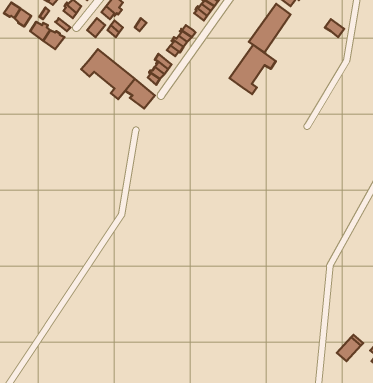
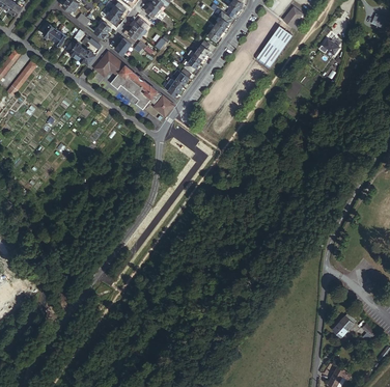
building: none -> [93,51,124,76]
building: [229,45,276,94] -> none

